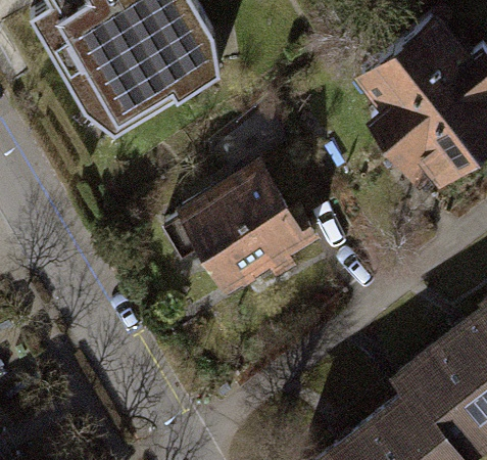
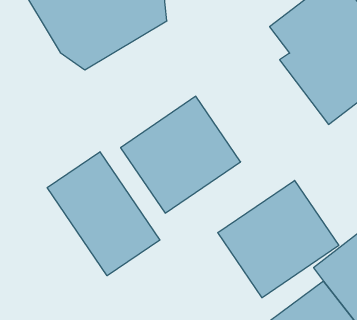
building: none -> [47,152,160,276]
building: none -> [218,180,339,298]

